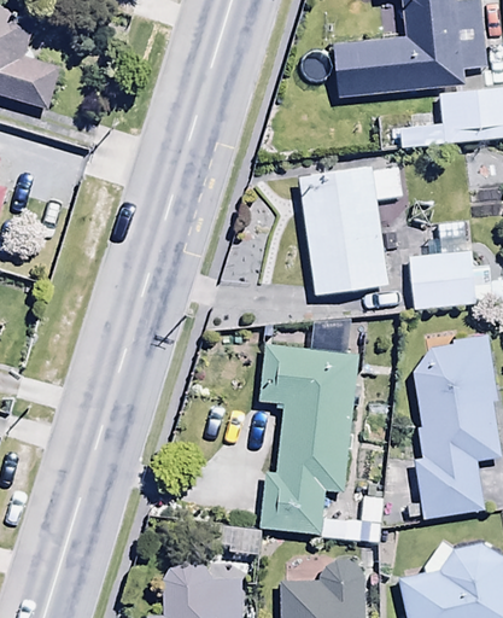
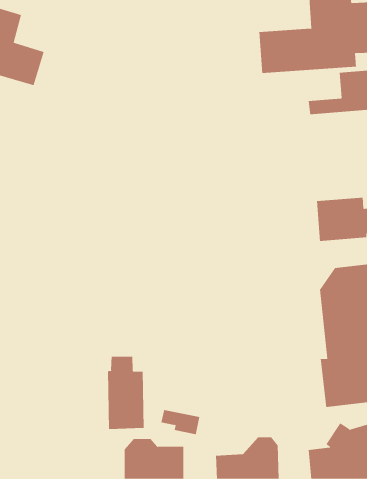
building: [300,167,404,297] -> none
building: [258,344,382,541] -> none
building: none -> [107,356,144,430]

